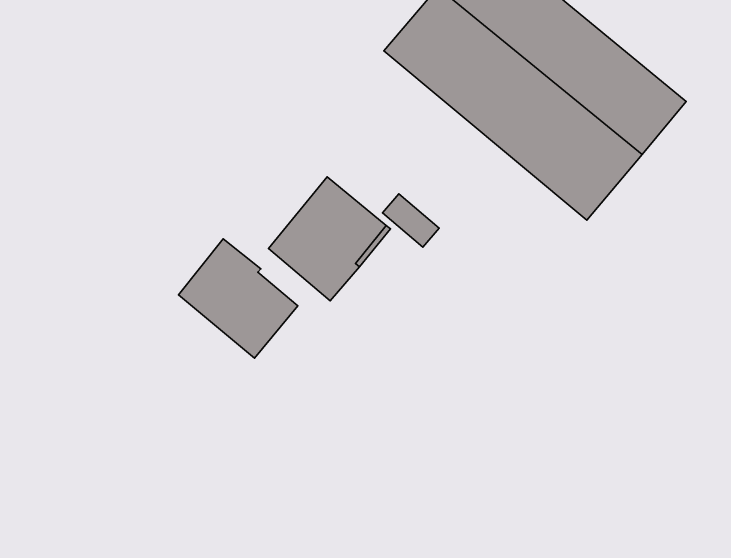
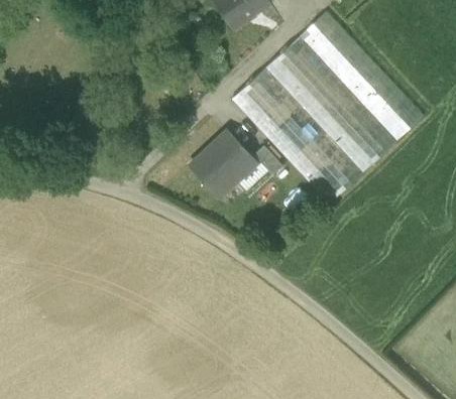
building: none -> [232,66,362,203]
building: [178,239,298,358] -> none

